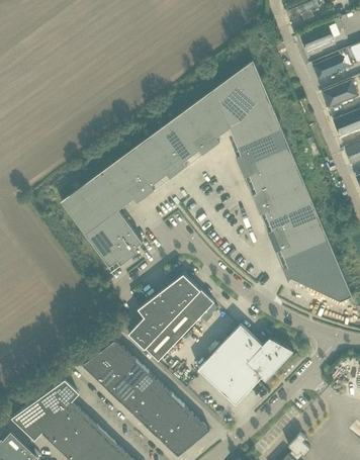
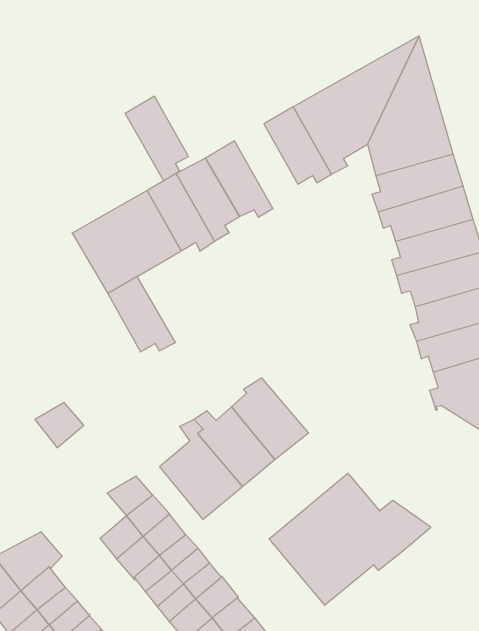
building: [151,123,191,173] -> [125,96,188,181]
building: [102,210,143,259] -> none
building: [83,353,112,380] -> [35,402,84,448]

